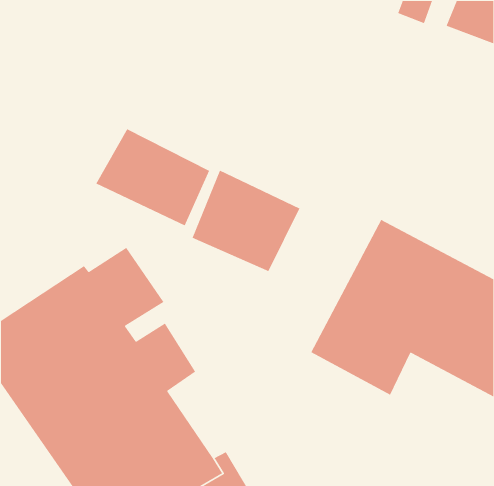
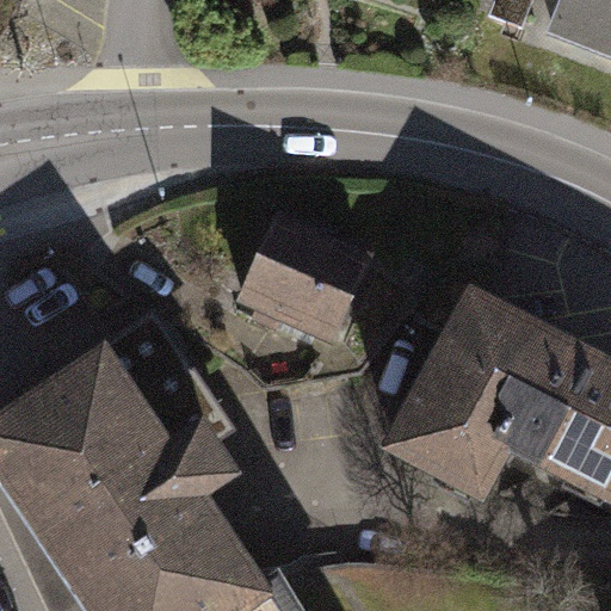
building: [95,128,210,227] -> none

